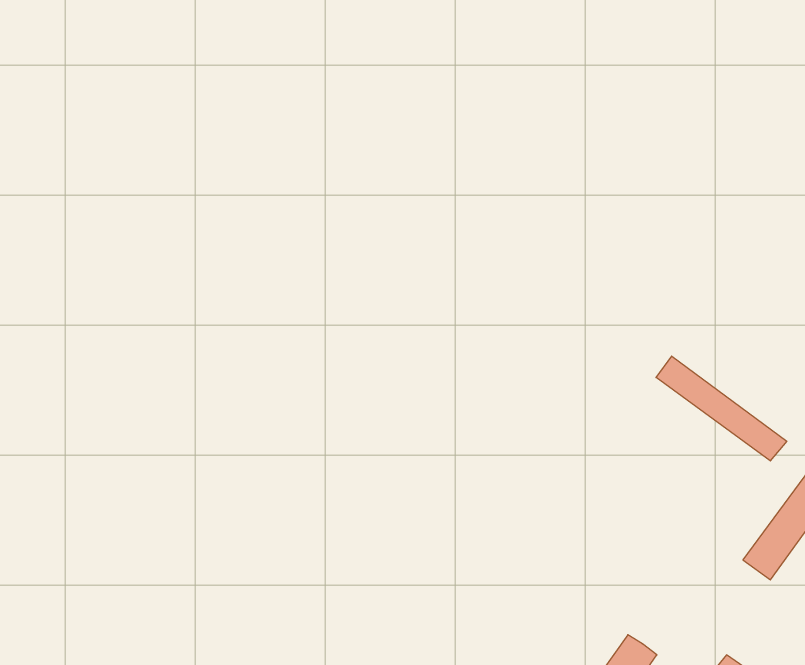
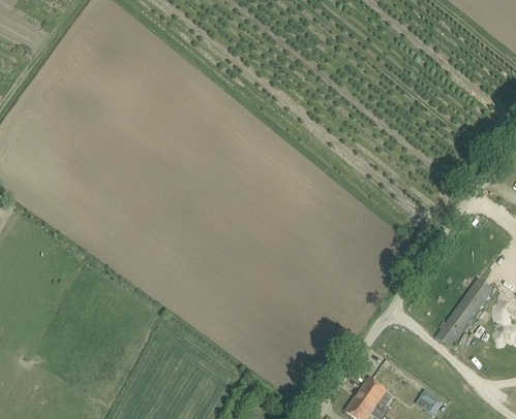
building: [656,356,787,461] -> none

